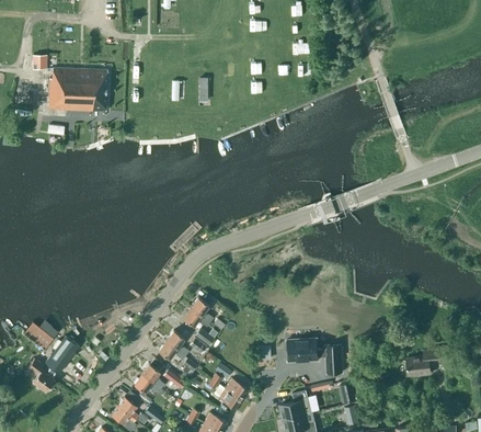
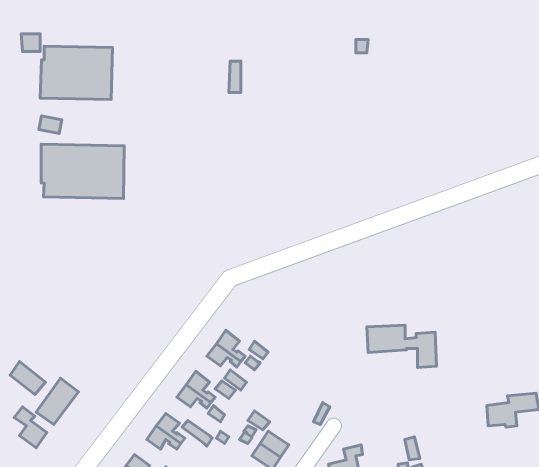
building: none -> [41,144,124,199]
building: [286,339,342,373] -> [367,325,437,368]

